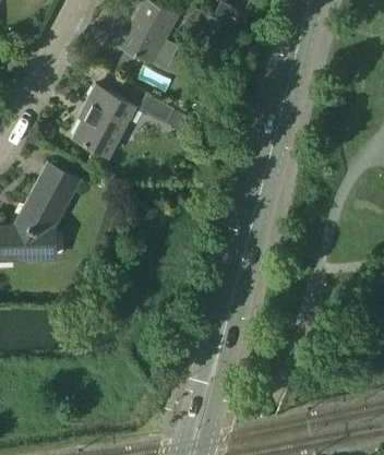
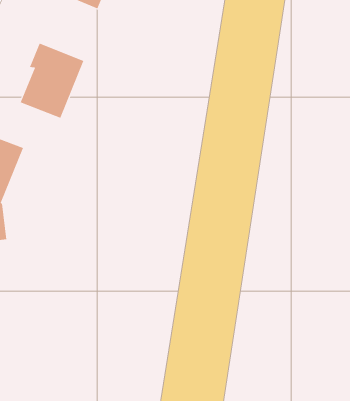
building: [139,94,175,124] -> none

